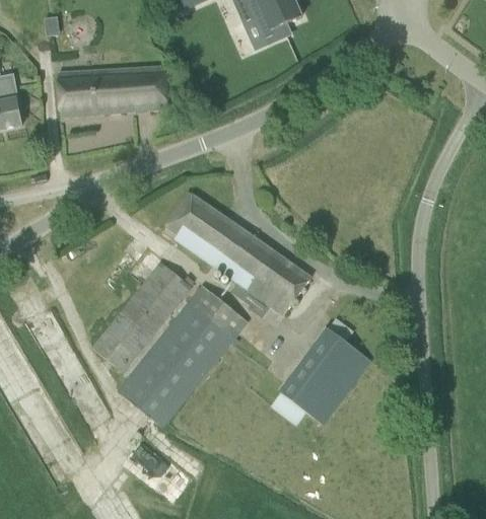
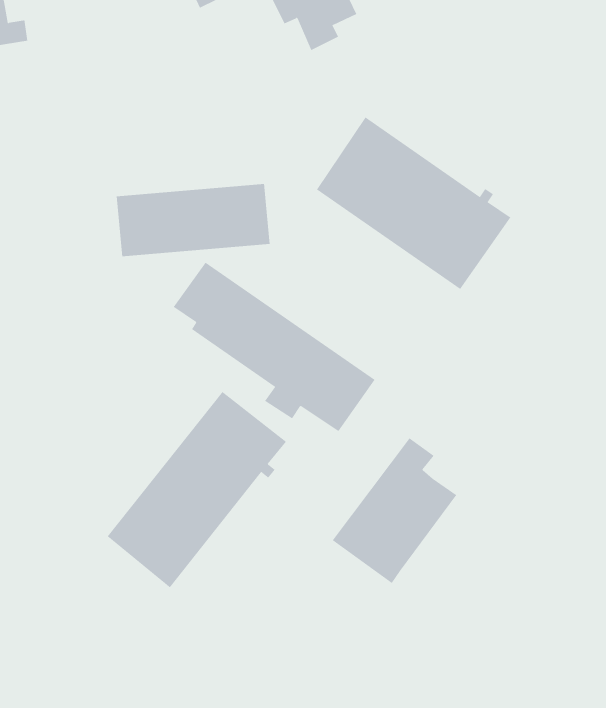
building: [57,65,168,118] -> [116,184,271,257]
building: none -> [316,117,511,290]
building: [93,262,192,372] -> none

